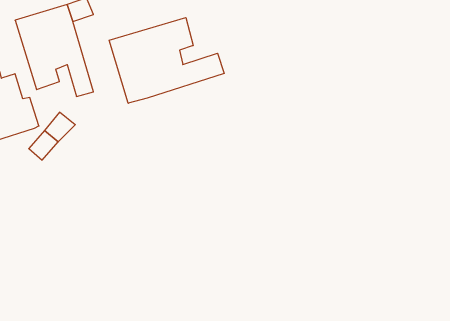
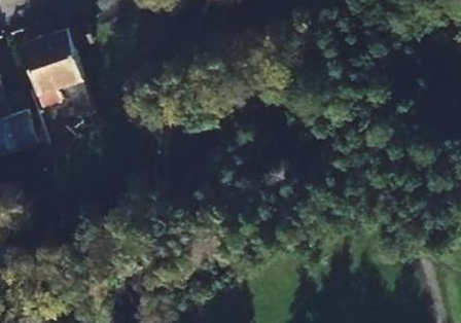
building: [109,18,224,103] -> none

